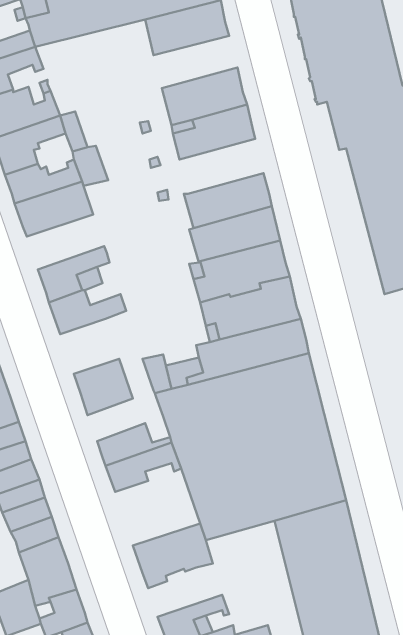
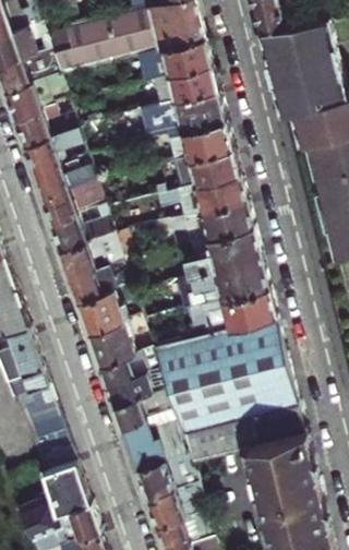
building: none -> [149,63,216,105]
building: none -> [170,145,237,189]
building: none -> [49,205,110,249]
building: none -> [75,288,122,332]
building: none -> [97,345,152,385]
building: none -> [119,407,186,468]
building: none -> [145,486,204,525]

